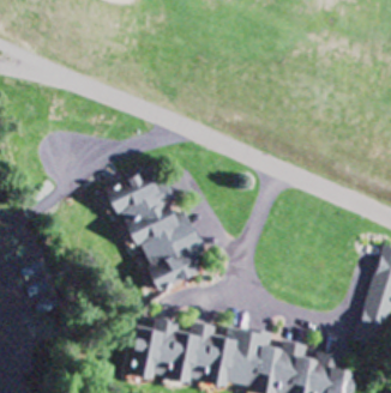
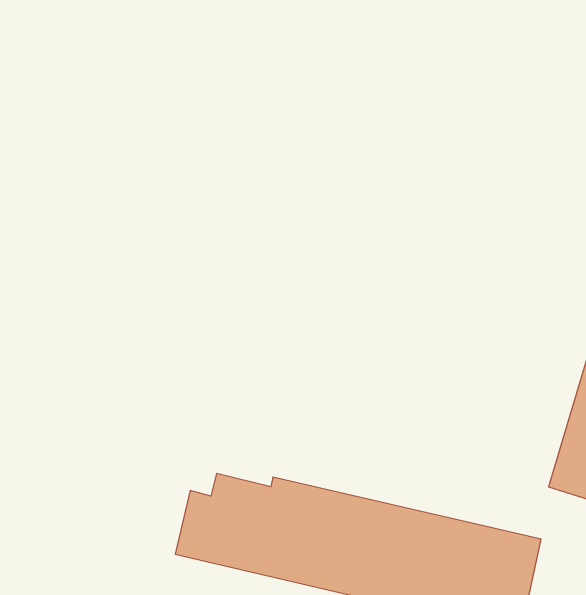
building: [102,170,198,288] -> none

